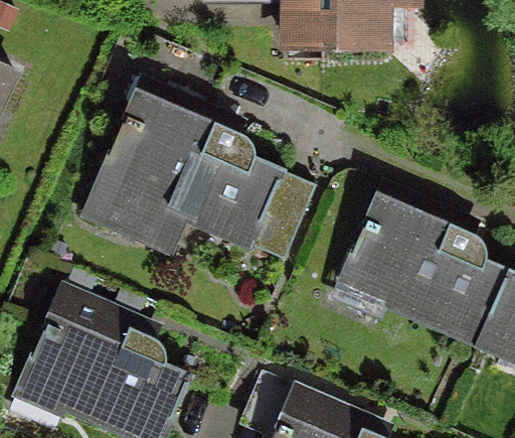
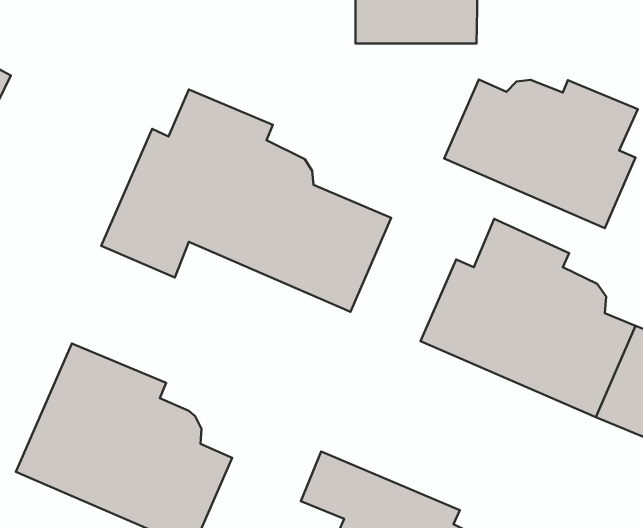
building: none -> [444,79,638,228]

